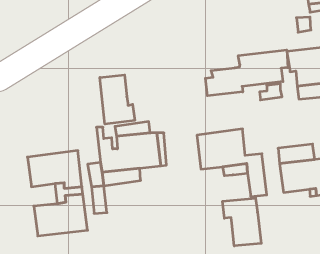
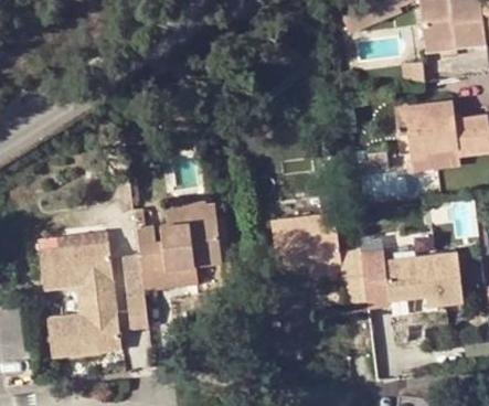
building: [205,50,288,96] -> none
building: [100,75,135,124] -> none
building: [223,198,261,246] -> none

